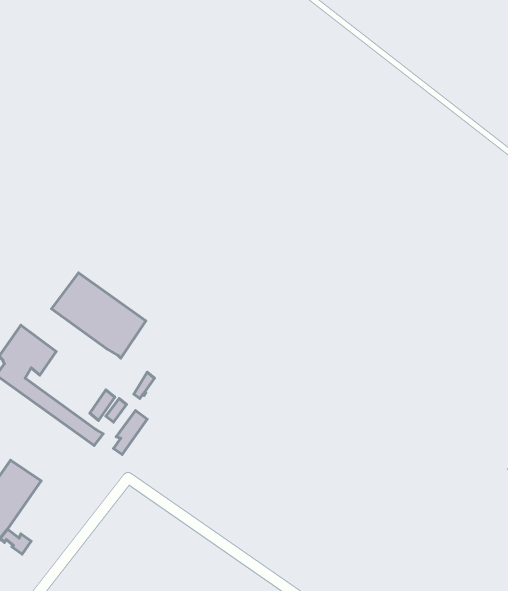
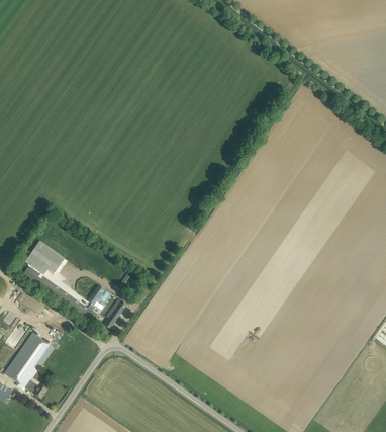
building: [51,273,146,358] -> none

